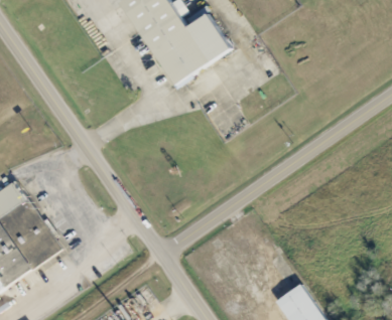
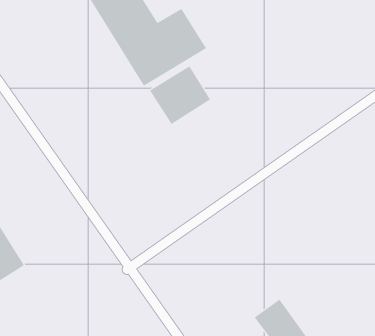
building: none -> [149,66,211,125]

